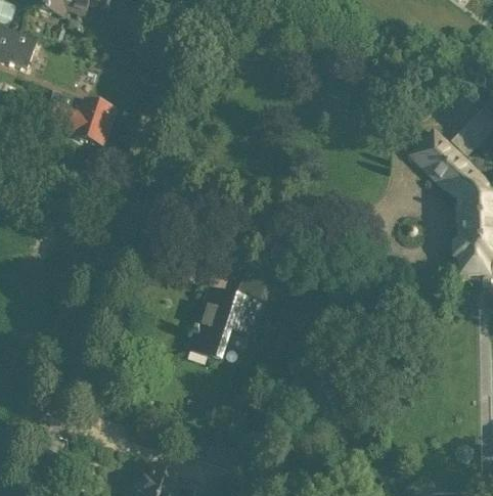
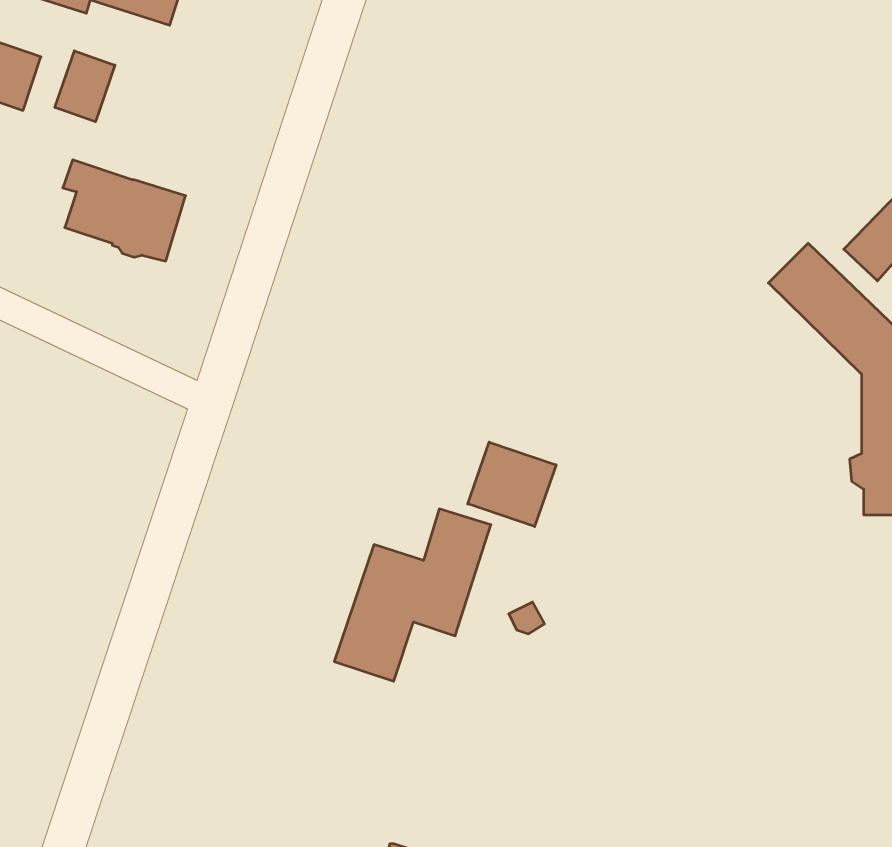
building: none -> [55,51,115,122]
building: none -> [468,442,556,527]

